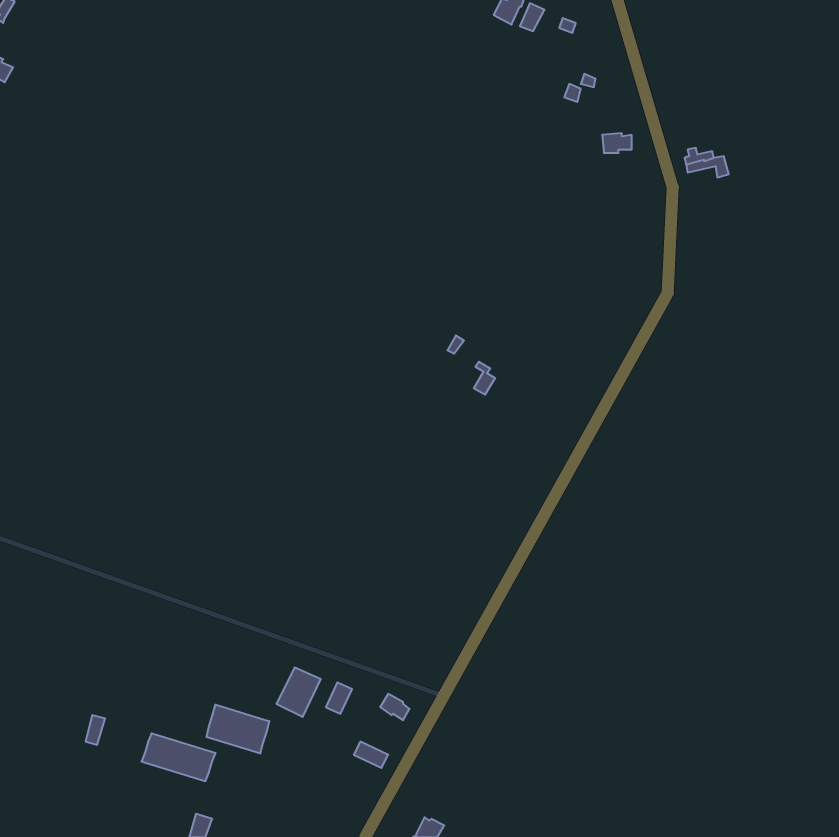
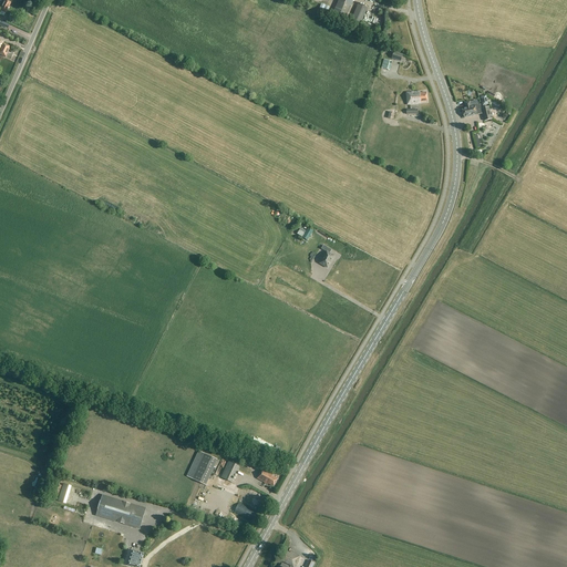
building: [206,705,269,754] -> none

